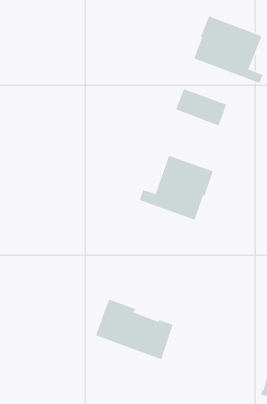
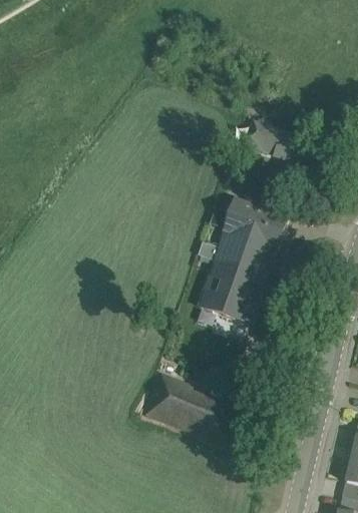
building: [193,15,264,84] -> none
building: none -> [196,258,265,323]

